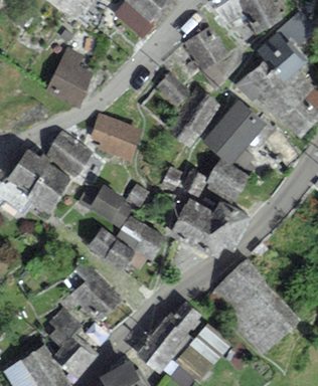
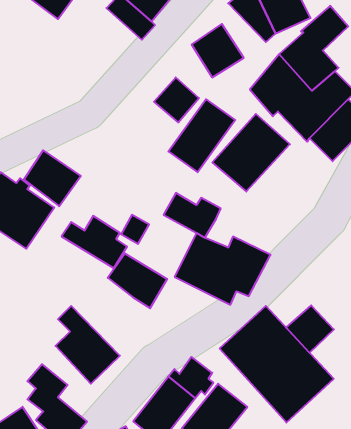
building: [45,47,93,110] -> none
building: [89,113,142,160] -> none
building: [204,158,249,204] -> none
building: [86,226,136,271] -> none
building: none -> [286,305,334,353]

